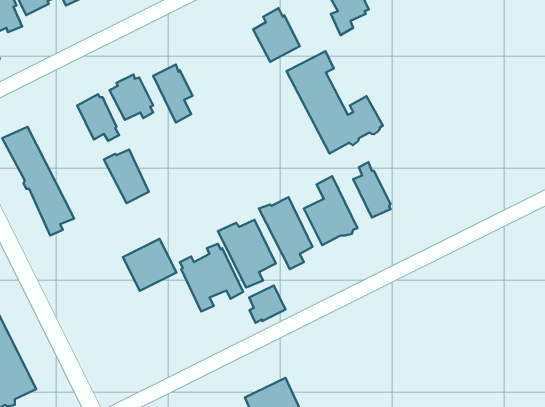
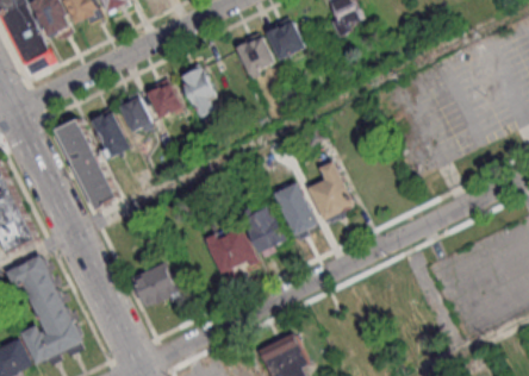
building: none -> [238,40,278,83]
building: [287,51,383,153] -> none
building: [104,150,149,203] -> [91,108,129,153]
building: [353,162,391,218] -> none
building: [123,239,176,291] -> [132,261,178,305]
building: [249,286,285,323] -> none

